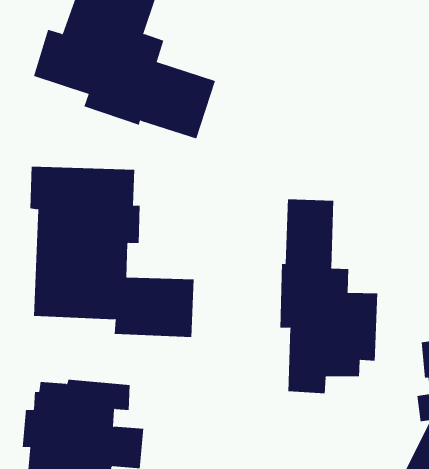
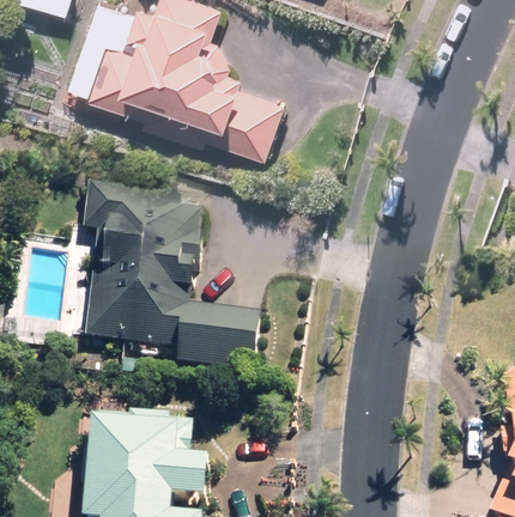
building: [280,199,378,394] -> none

